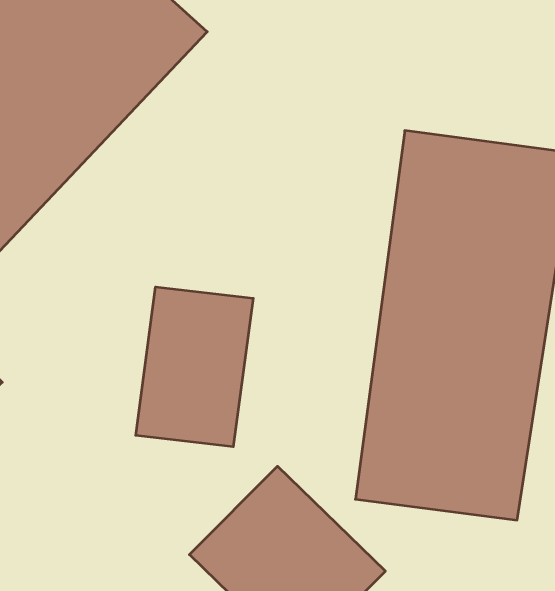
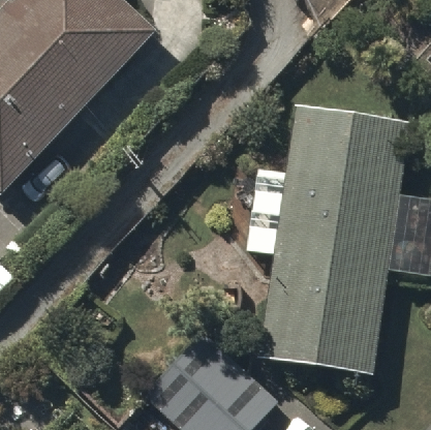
building: [136,287,253,447] -> none

